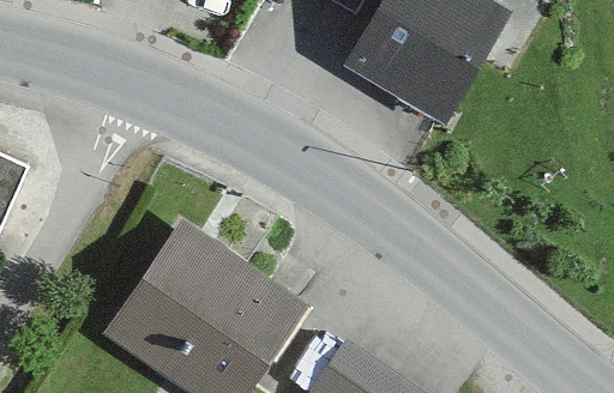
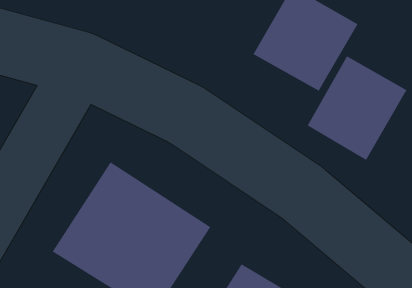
building: none -> [307,56,407,161]

